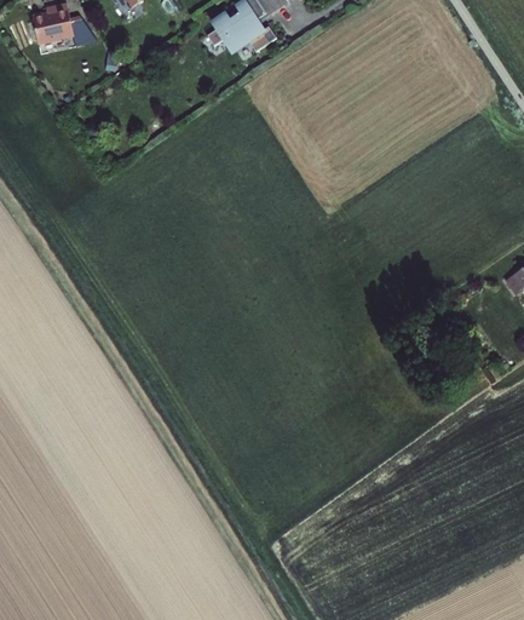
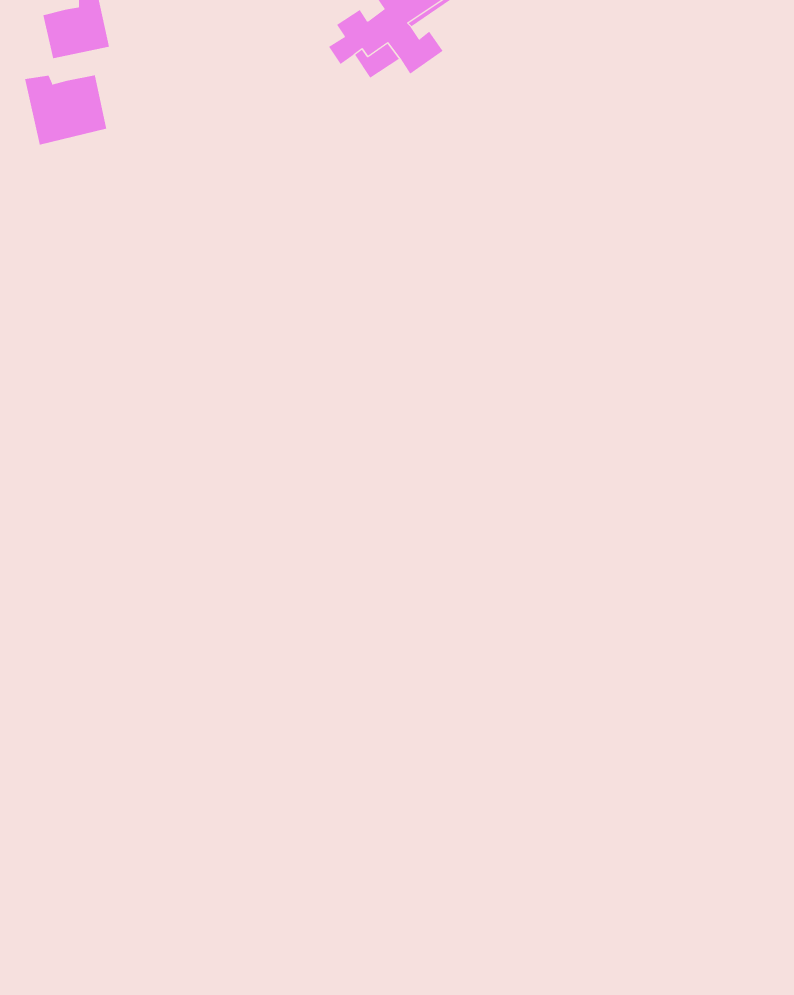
building: none -> [24,75,107,145]

